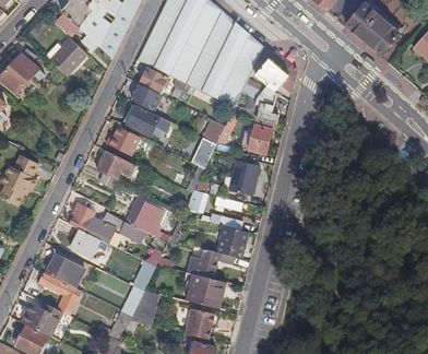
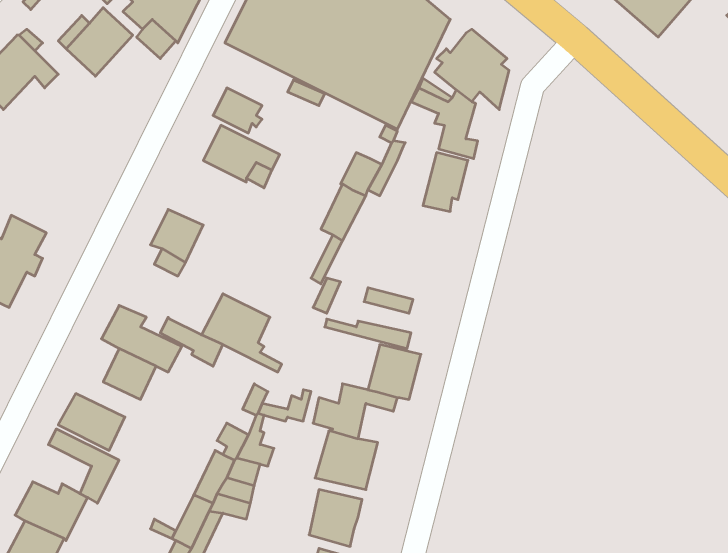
building: [139,67,166,94] -> none
building: [105,126,138,156] -> none
building: [228,160,260,196] -> none

